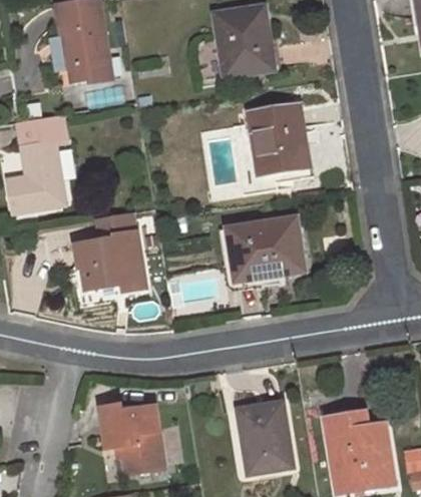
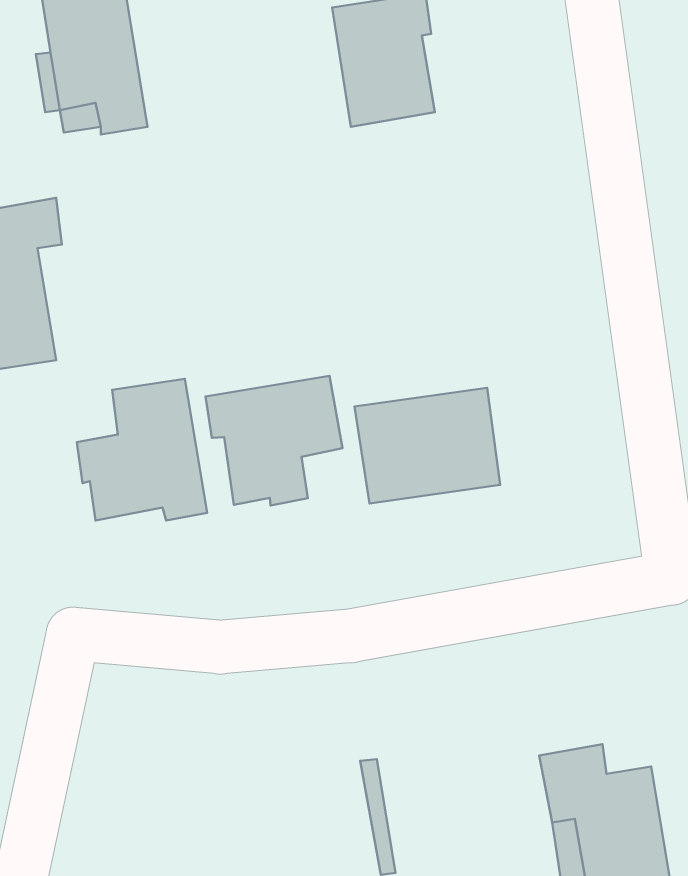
building: [249,105,309,173] -> none
building: none -> [205,376,342,506]
building: [238,401,293,473] -> none
building: [98,404,164,470] -> none

